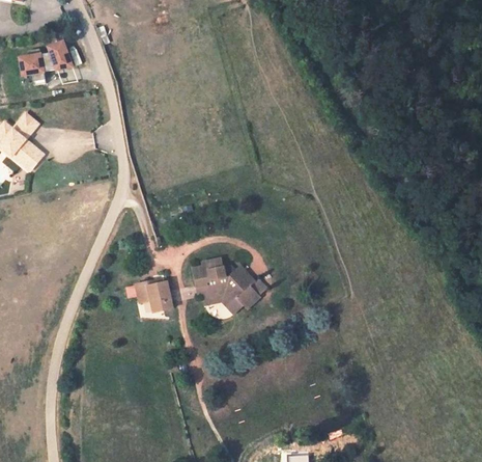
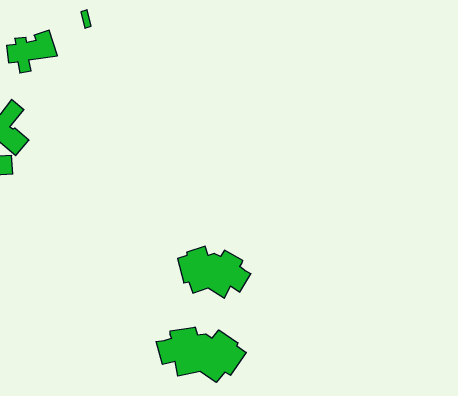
building: [137,288,175,320] -> none
building: none -> [156,327,246,382]

